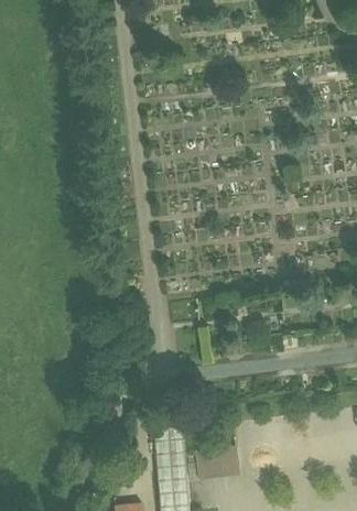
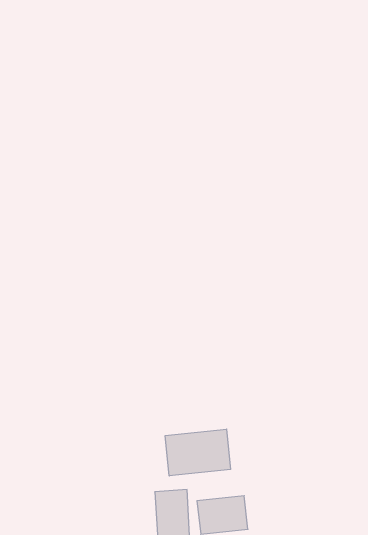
building: none -> [165,429,231,476]

